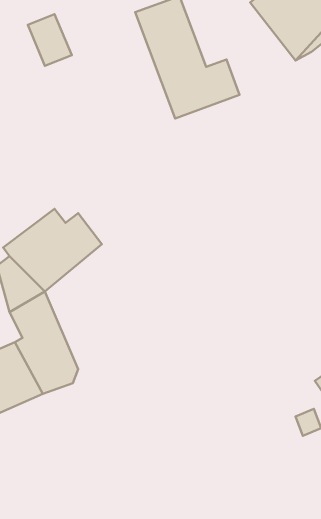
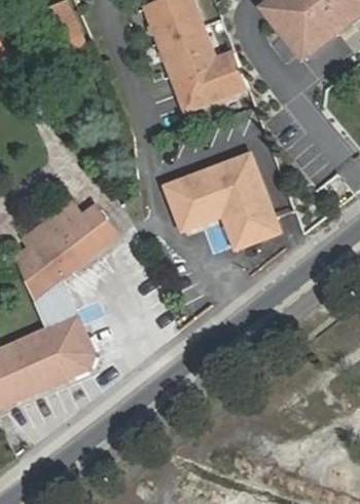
building: none -> [158,148,279,249]

